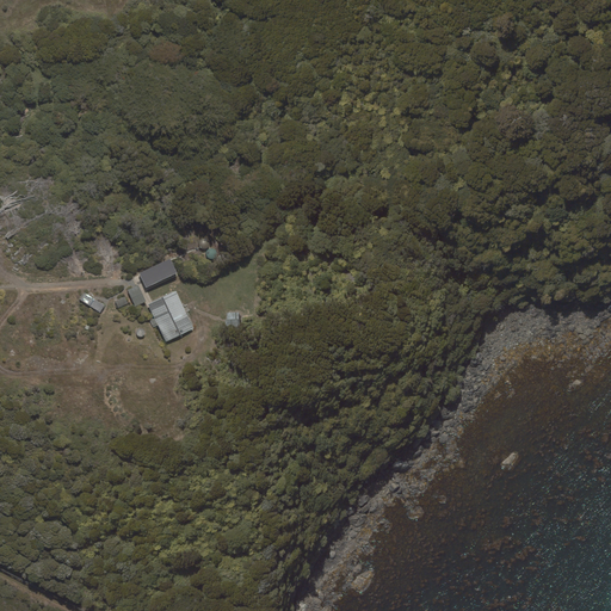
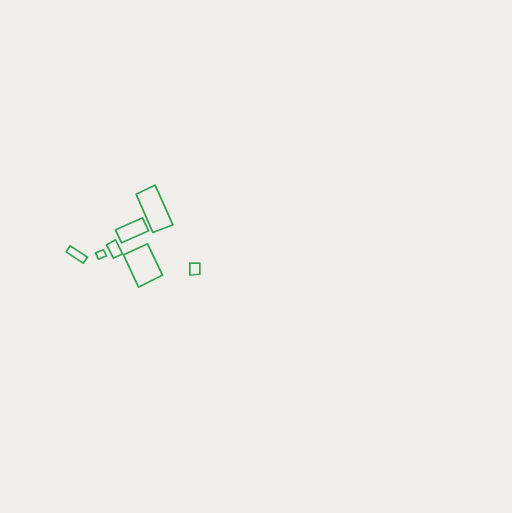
building: none -> [136,185,173,233]

